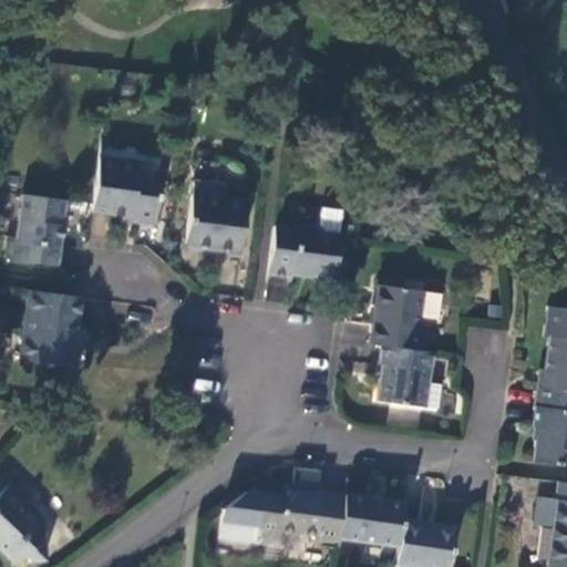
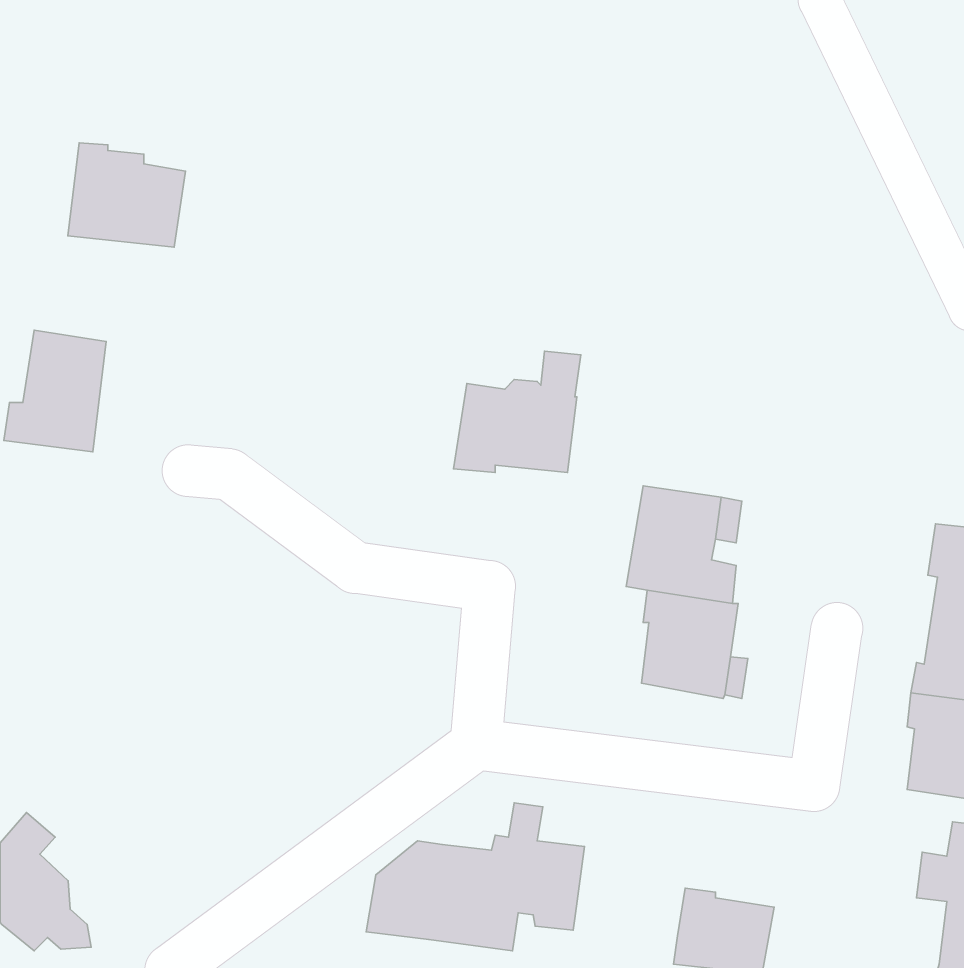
building: [93,157,162,218] -> [68,143,185,247]
building: [188,181,248,251] -> none
building: [20,291,81,369] -> none
building: [339,495,405,547] -> none

